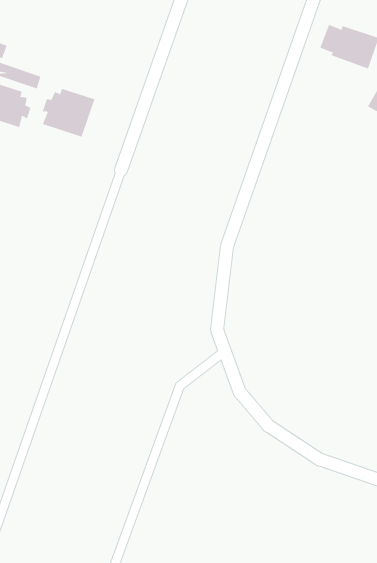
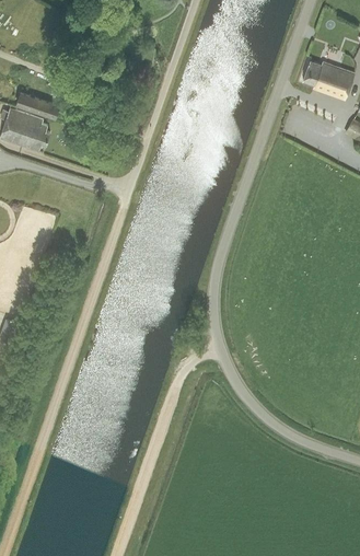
building: [42,88,95,137] -> none

